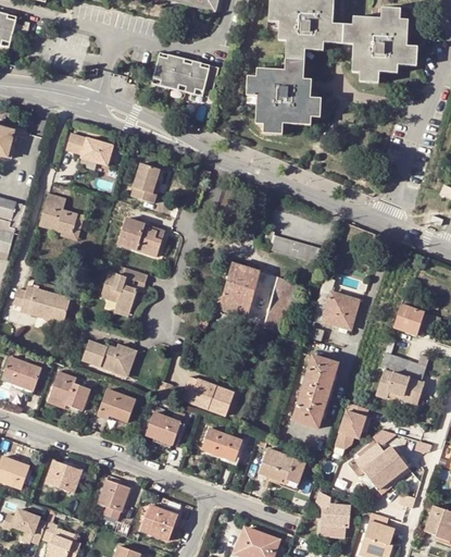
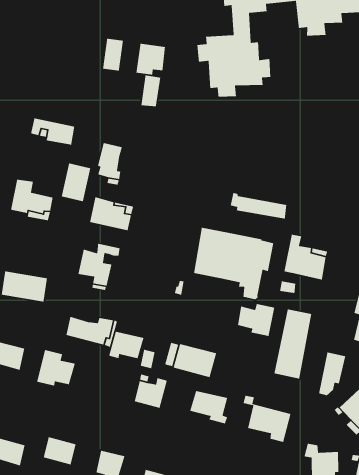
building: [165,63,189,98] -> [141,75,161,107]
building: none -> [61,162,91,202]
building: none -> [237,303,275,337]
building: [97,389,136,421] -> [108,331,145,359]

